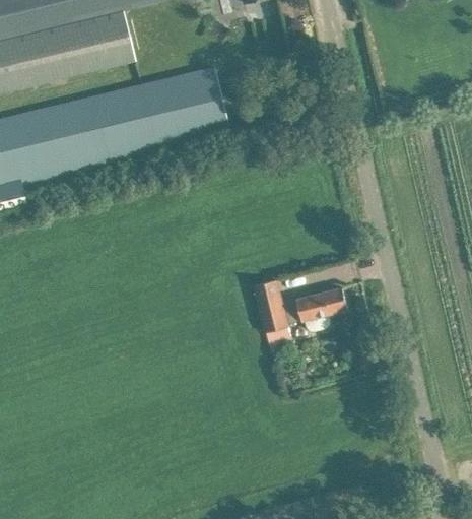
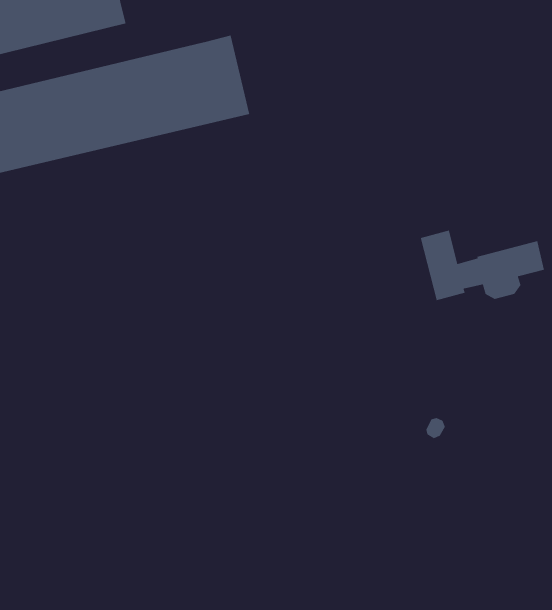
building: [253,278,346,332] -> [420,229,545,301]

